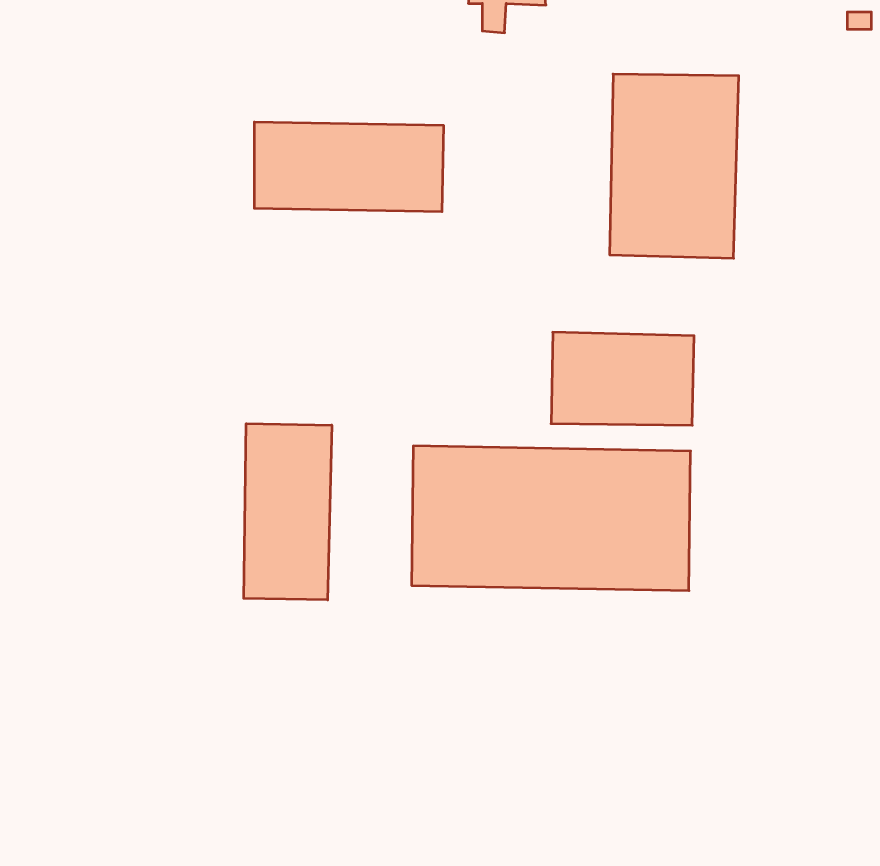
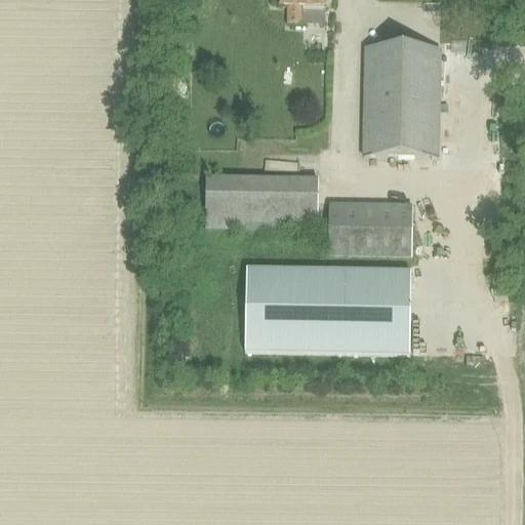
building: [254,122,444,212] -> [205,173,318,227]
building: [244,424,332,600] -> none

